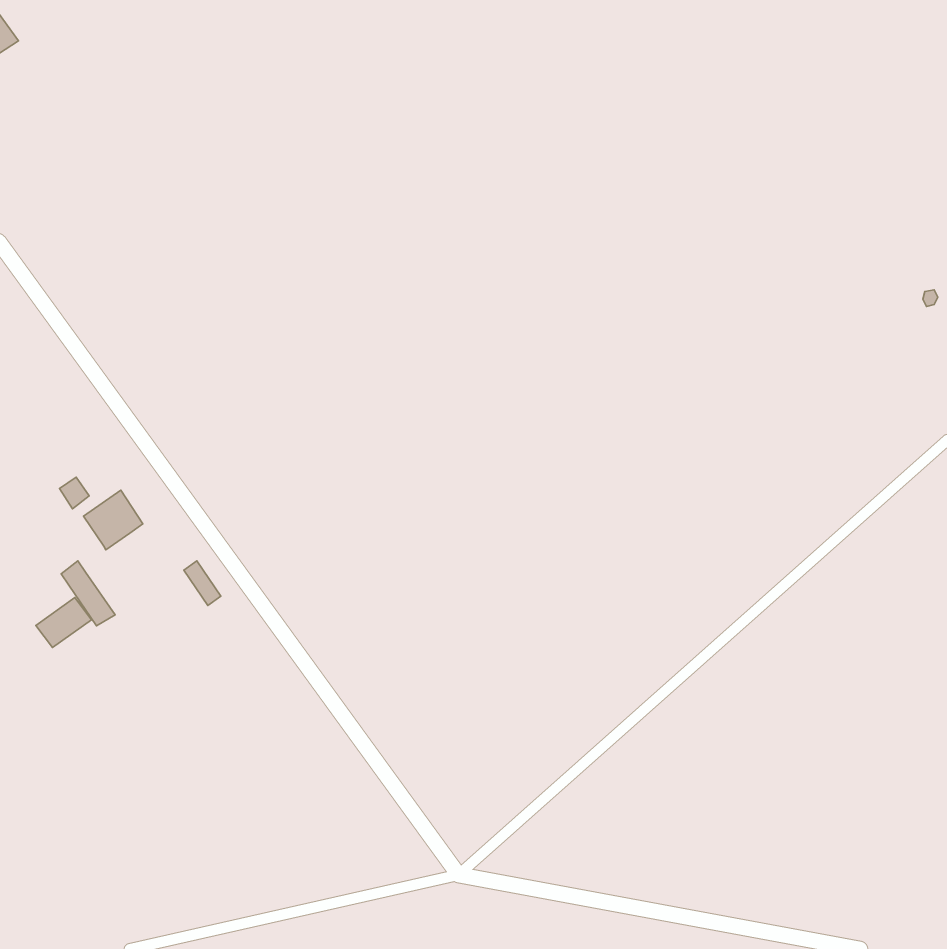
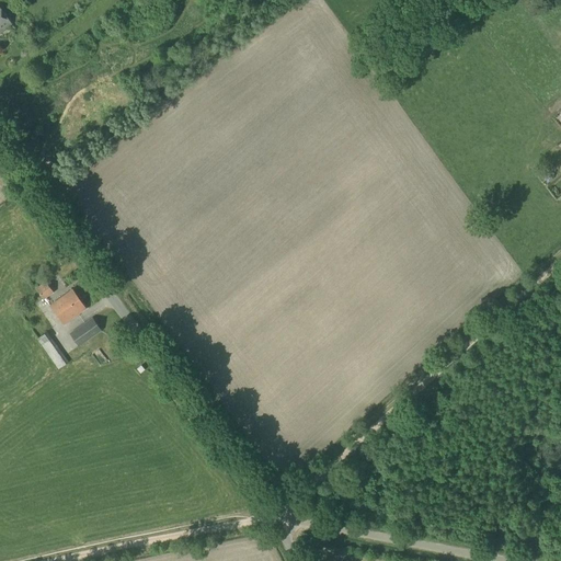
building: [36,597,91,648] -> [68,318,101,347]

